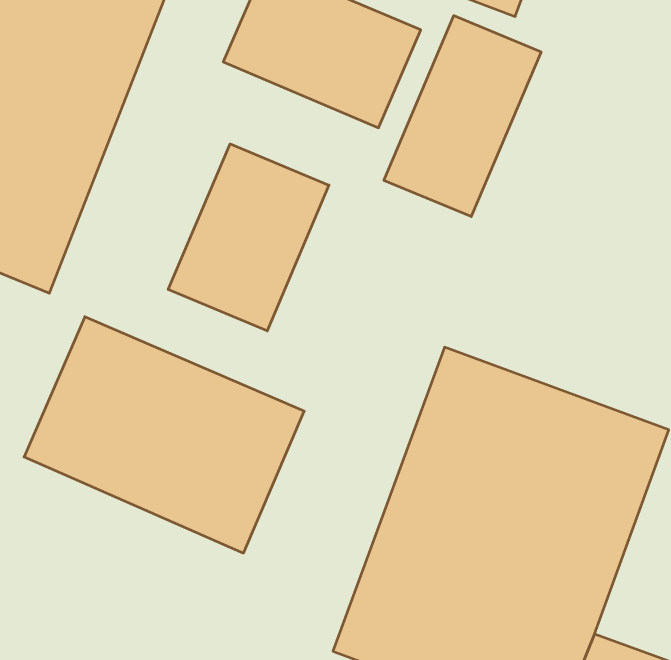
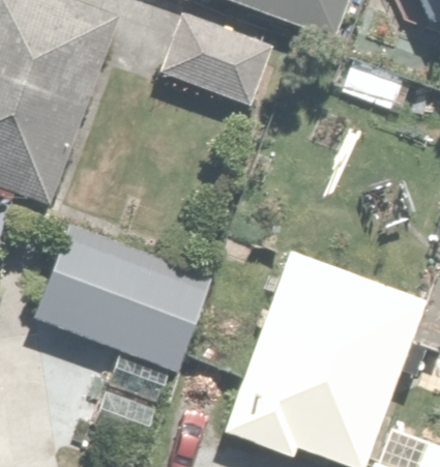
building: [384,16,541,217] -> none
building: [168,144,329,331] -> none

